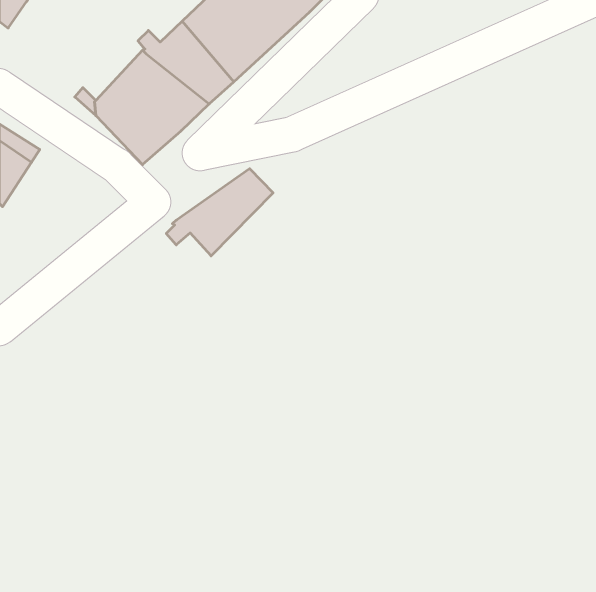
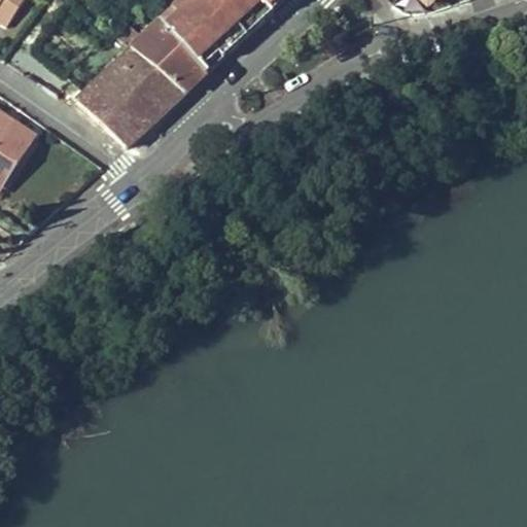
building: [166,169,273,256] -> none

